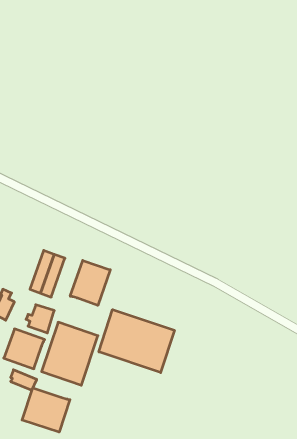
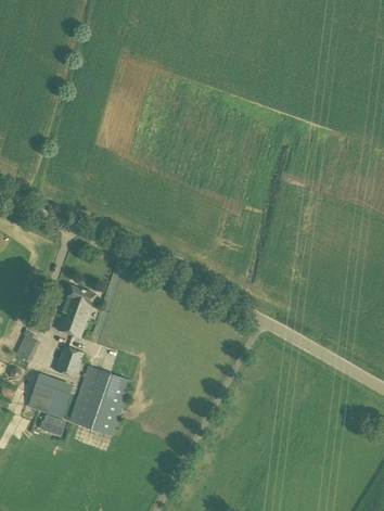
building: [70,260,110,305] -> none
building: [99,310,174,373] -> none
building: [22,388,70,432] -> none

